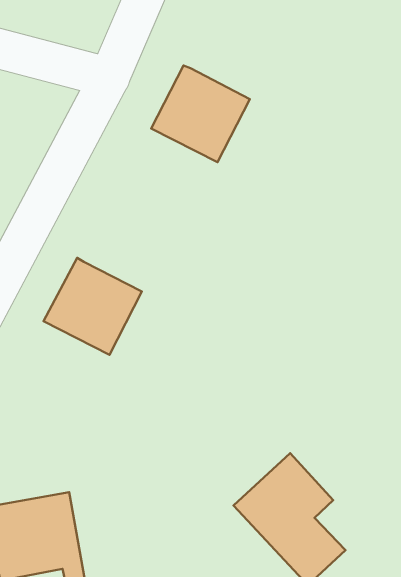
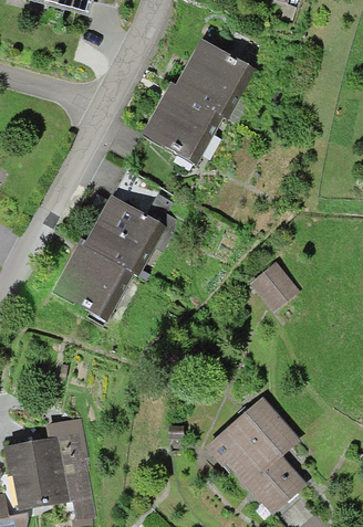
building: none -> [176,40,253,113]
building: none -> [89,198,166,271]
building: none -> [251,262,297,307]

